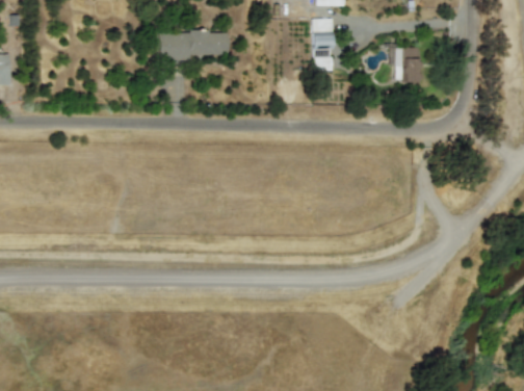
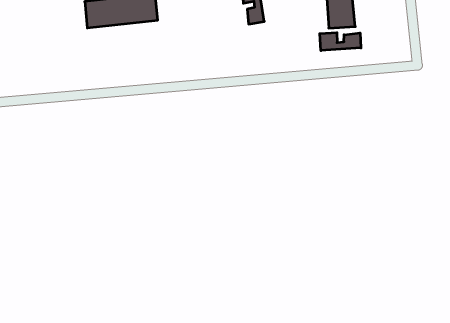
building: none -> [320,33,361,51]

